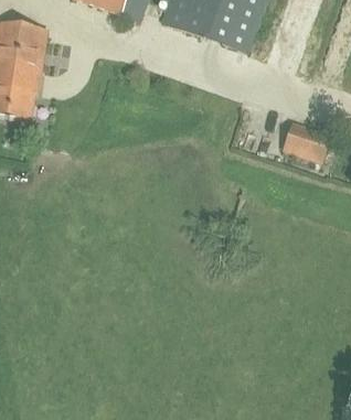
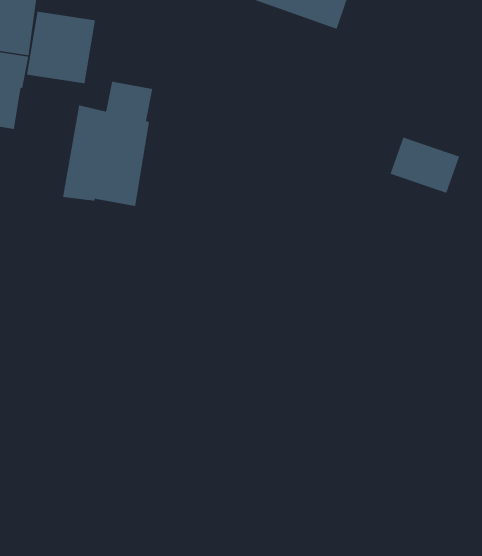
building: none -> [26,11,96,84]
building: none -> [62,81,153,207]

